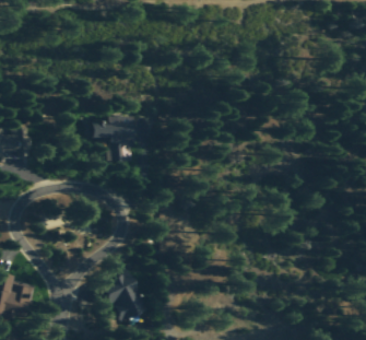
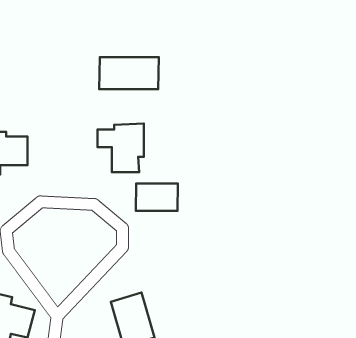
building: none -> [99,57,159,89]
building: none -> [136,183,178,211]

